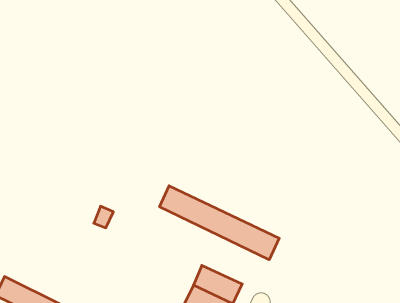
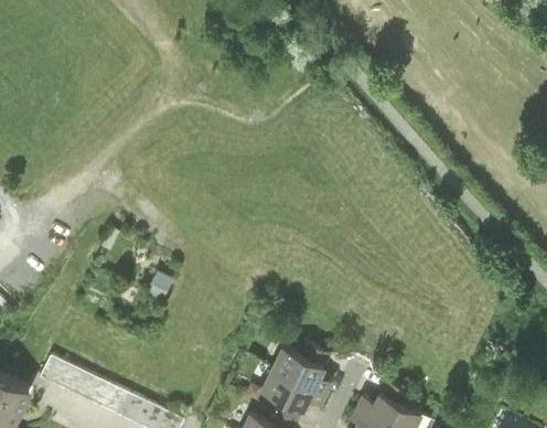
building: [160,186,279,260] -> none

